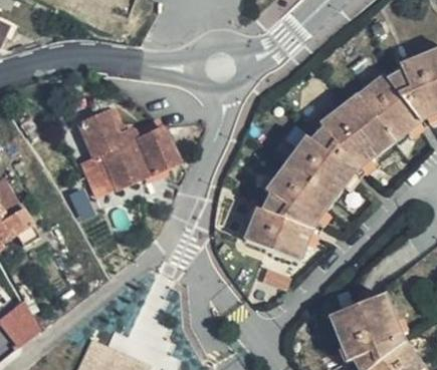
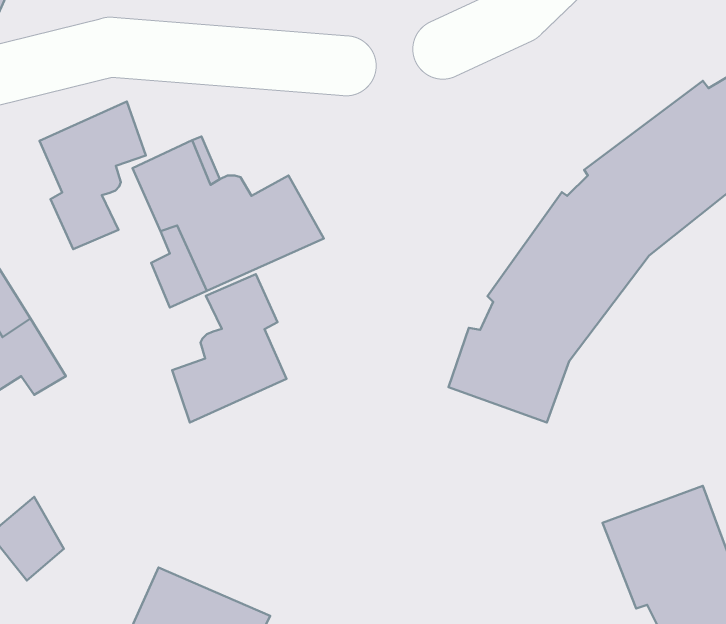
building: none -> [39,101,146,249]
building: none -> [172,274,286,422]

